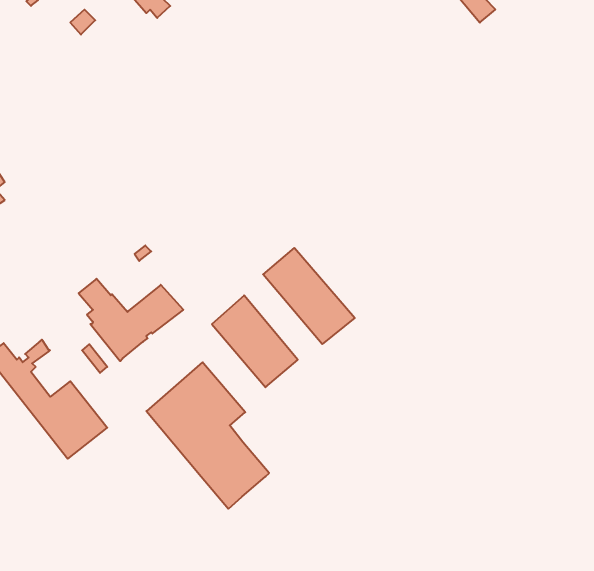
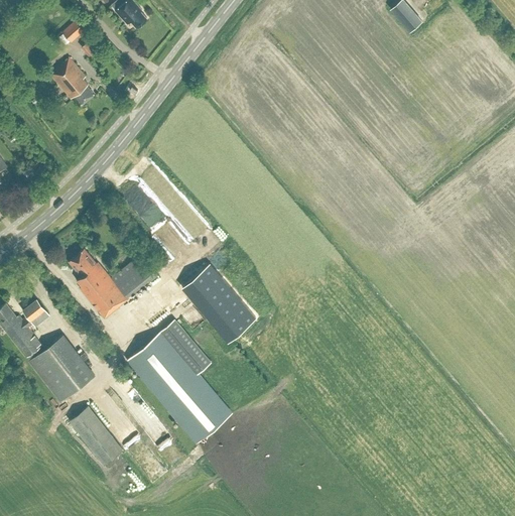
building: none -> [49,57,94,105]
building: [263,248,355,344] -> none
building: none -> [69,406,124,467]

